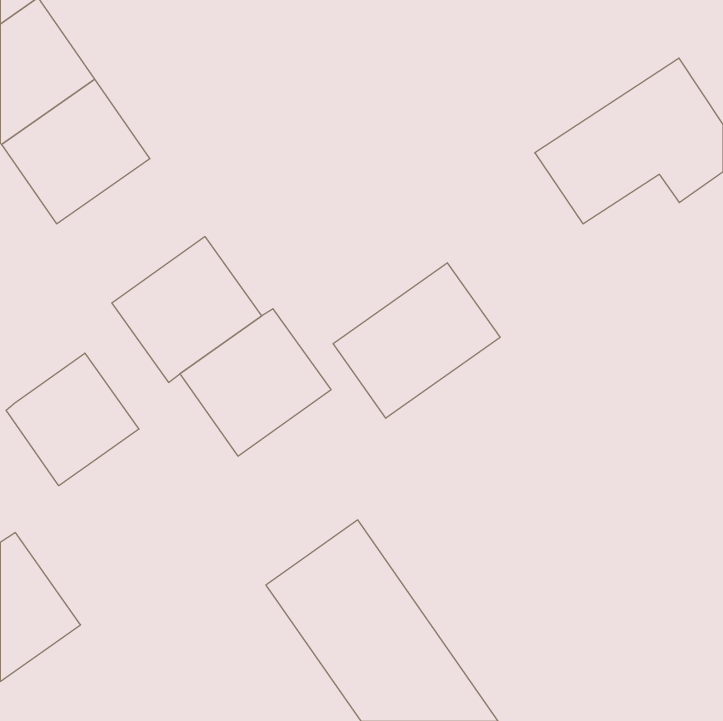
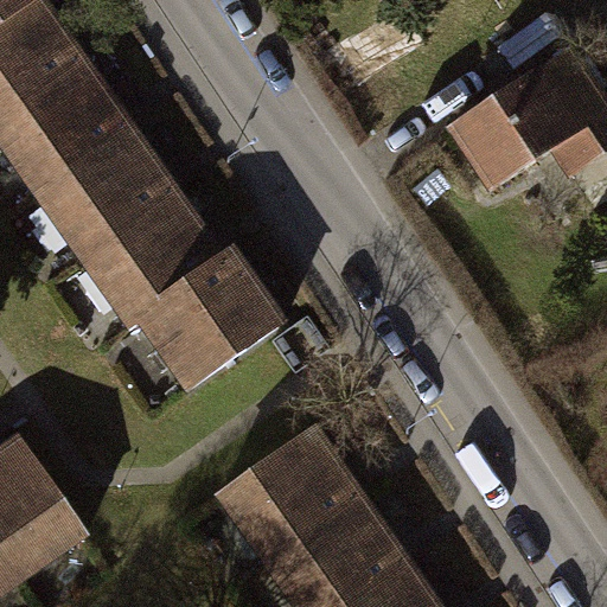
building: none -> [47,133,172,254]
building: [333,263,500,418] -> none
building: [6,353,139,486] -> none

